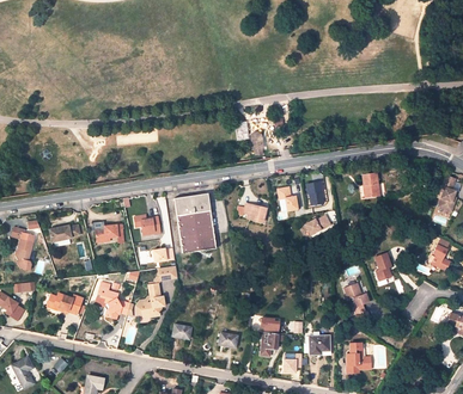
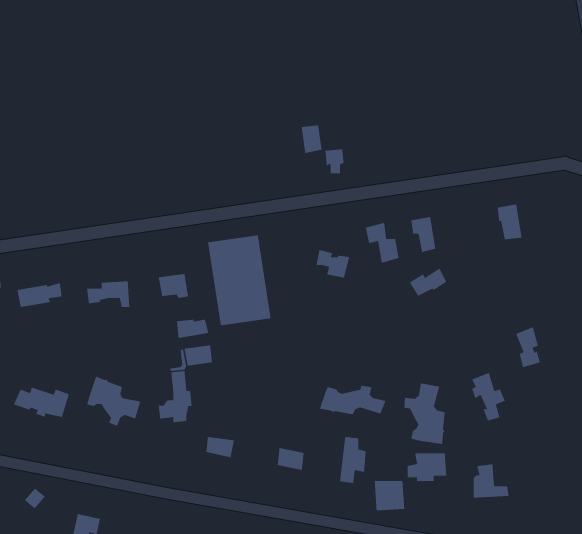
building: none -> [403,382,446,445]
building: none -> [319,385,386,415]

